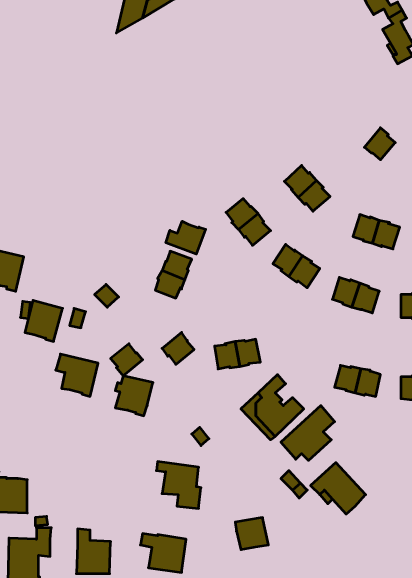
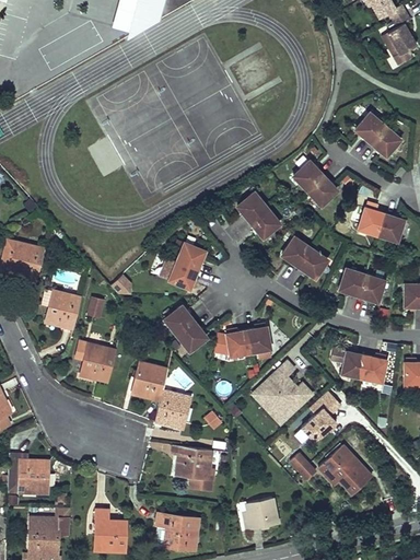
building: none -> [355,113,385,143]
building: [166,221,206,254] -> none
building: [111,344,143,376] -> [164,305,195,336]
building: none -> [154,390,190,428]

